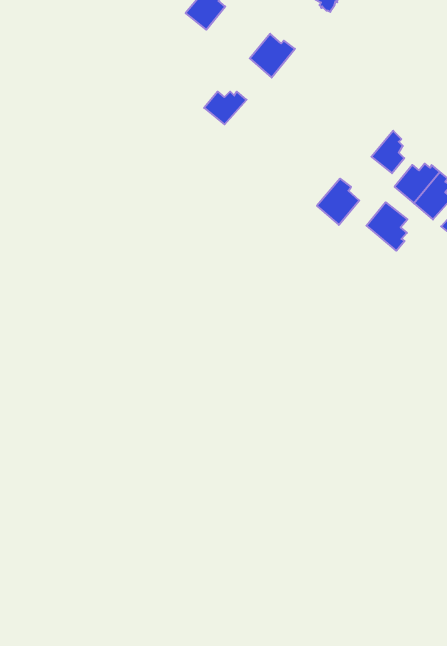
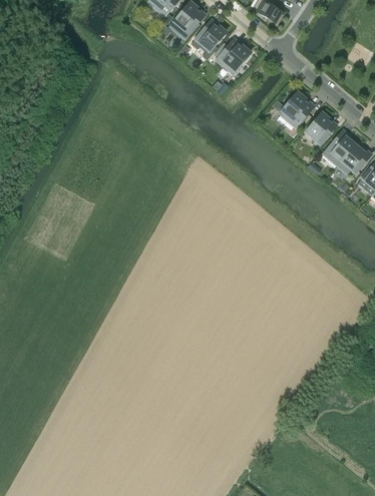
building: [204,92,247,124] -> [195,26,226,50]
building: [317,179,359,225] -> [280,92,311,126]
building: [366,202,407,251] -> none

